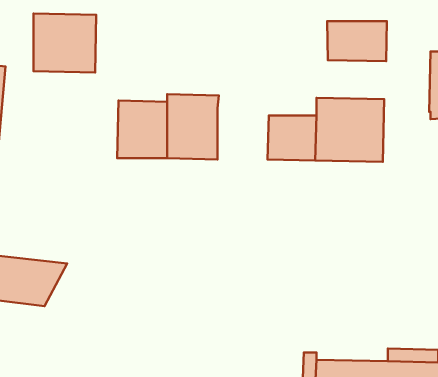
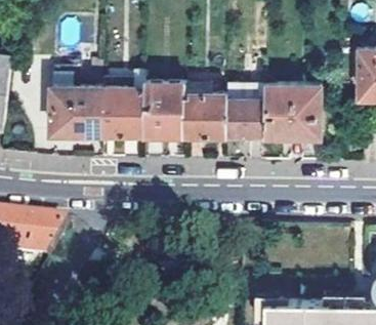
building: [34,14,96,73] -> [53,83,105,131]
building: [327,21,387,61] -> none
building: none -> [185,90,227,132]

